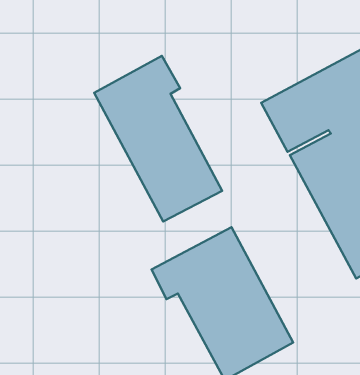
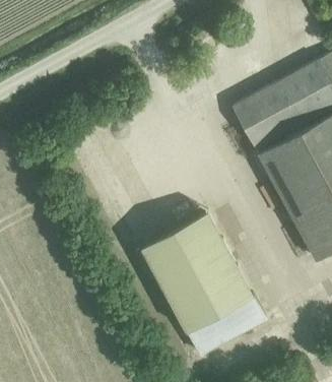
building: [94,56,222,221] -> none

